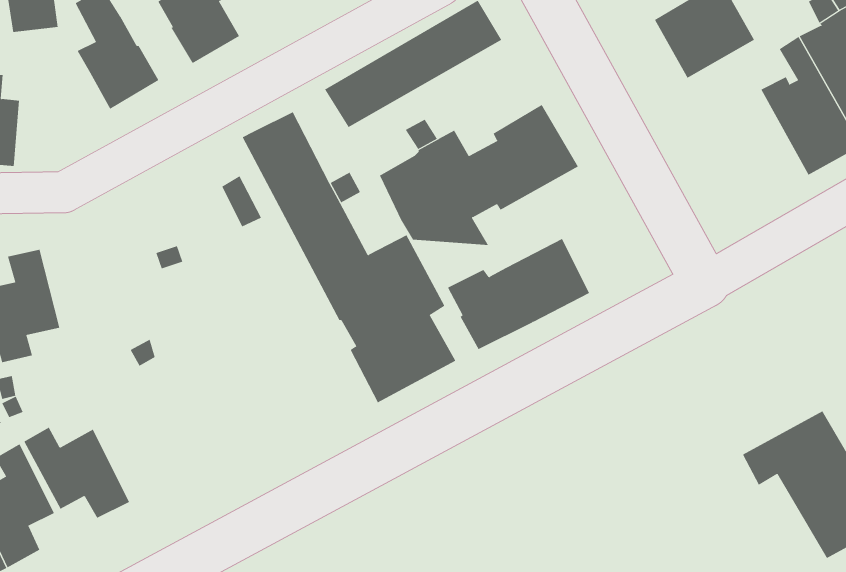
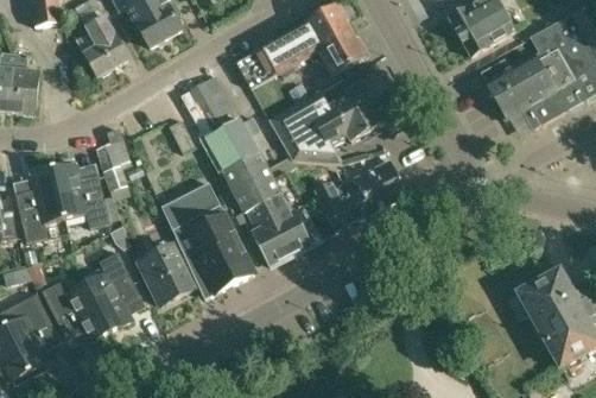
building: none -> [317,30,364,75]
building: none -> [481,58,549,127]
building: none -> [95,137,129,189]
building: none -> [51,160,109,225]
building: none -> [161,181,255,297]
building: none -> [137,244,194,304]
building: none -> [85,249,139,329]

